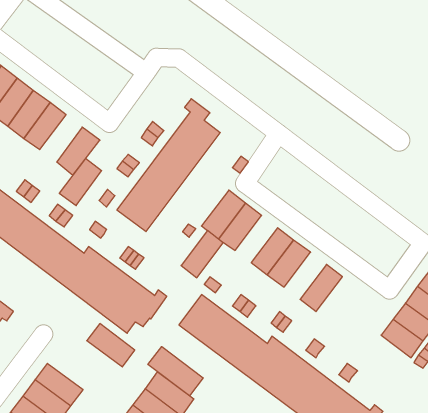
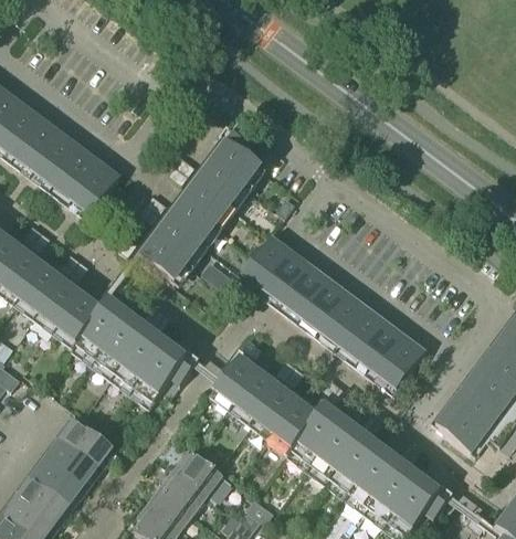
building: [59,158,102,206] -> [50,142,99,198]
building: [181,231,223,278] -> [280,261,329,316]
building: none -> [337,304,387,359]
building: none -> [375,332,425,388]
building: [87,324,135,367] -> [59,414,115,465]
building: none -> [436,401,486,447]
building: [148,347,203,396] -> none

